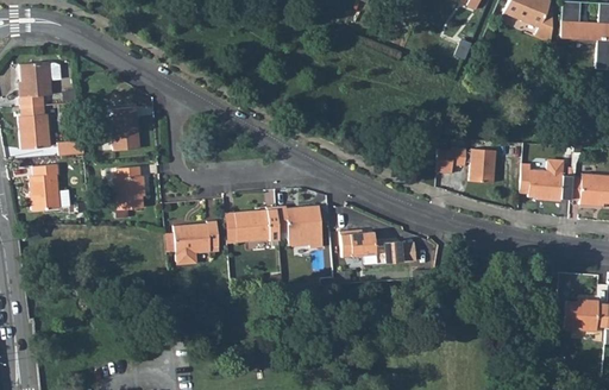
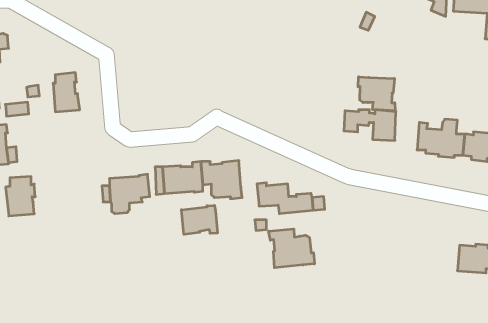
building: none -> [358,77,395,111]
building: [113,168,146,212] -> [6,177,35,216]
building: none -> [181,205,217,234]
building: none -> [269,229,314,268]

